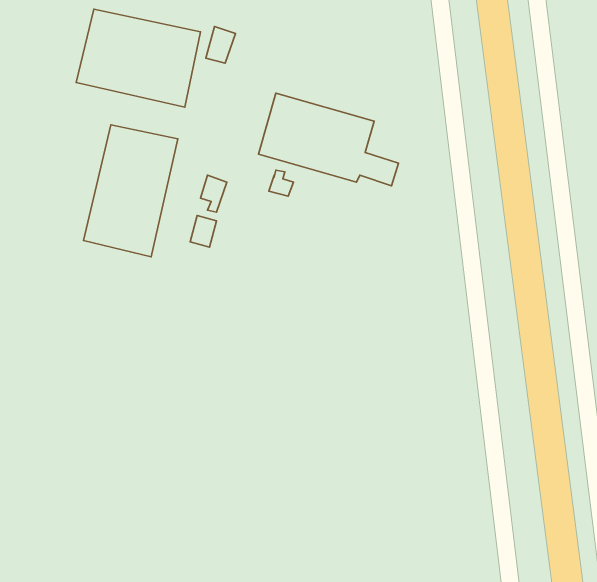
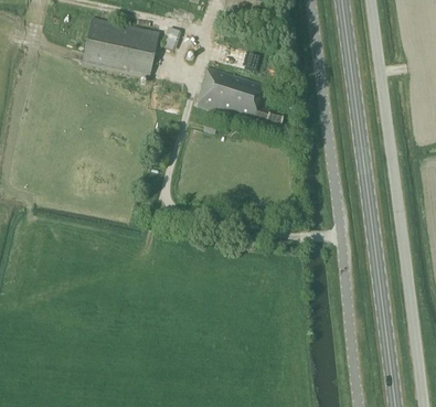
building: [83,125,178,257] -> none

